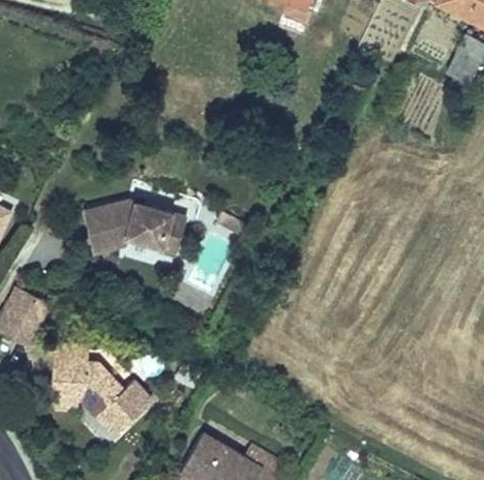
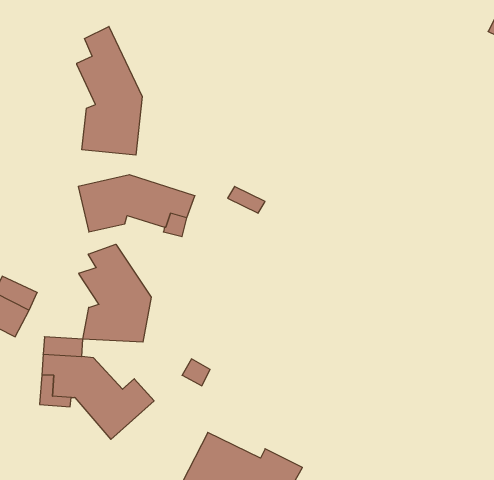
building: none -> [77,26,142,155]
building: none -> [79,244,151,342]

